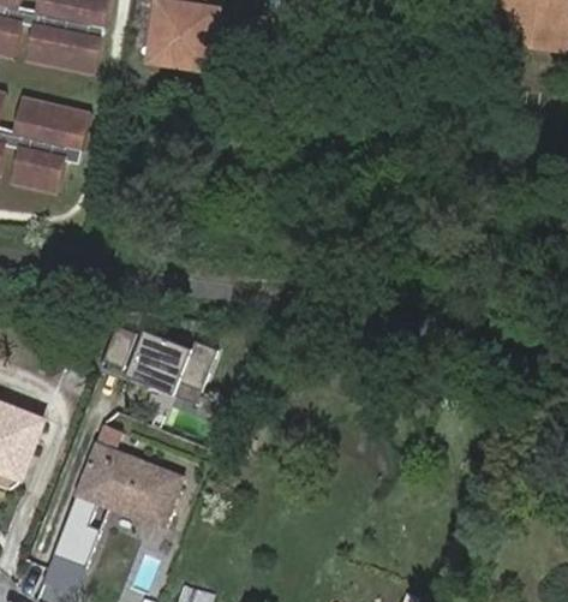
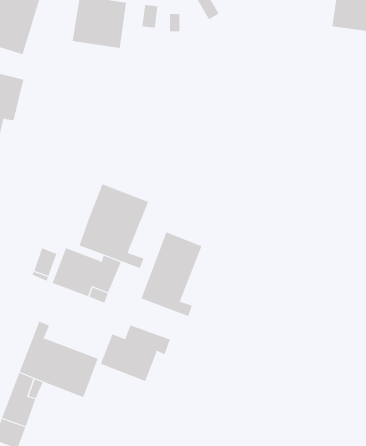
building: none -> [79,183,149,269]
building: none -> [141,232,202,317]
building: none -> [100,324,170,382]

